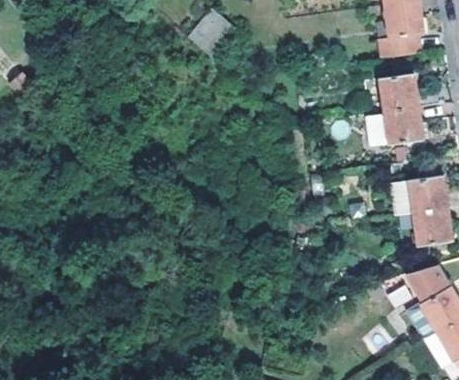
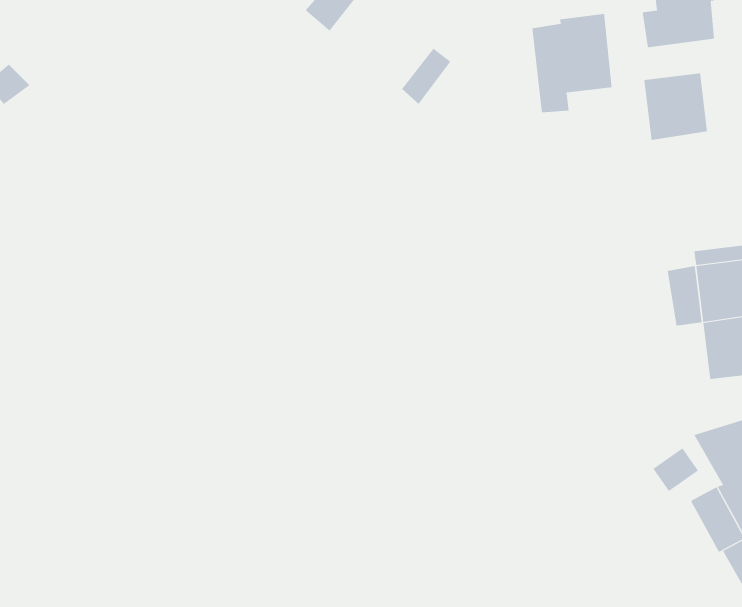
building: none -> [532,13,612,113]
building: [385,106,422,144] -> none

